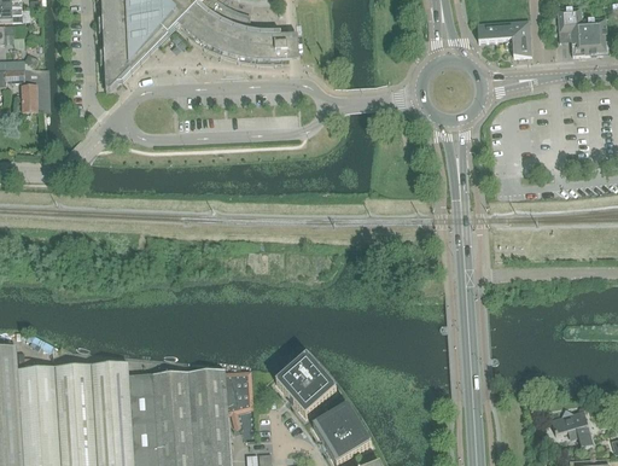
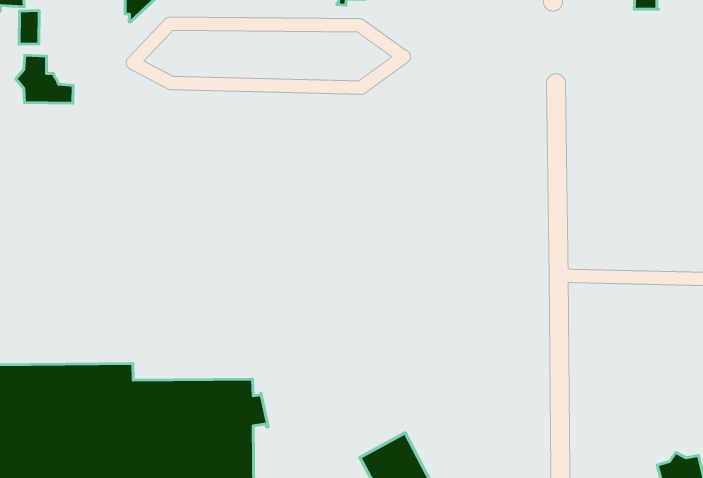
building: none -> [16,55,73,103]
building: [276,355,337,415] -> none

